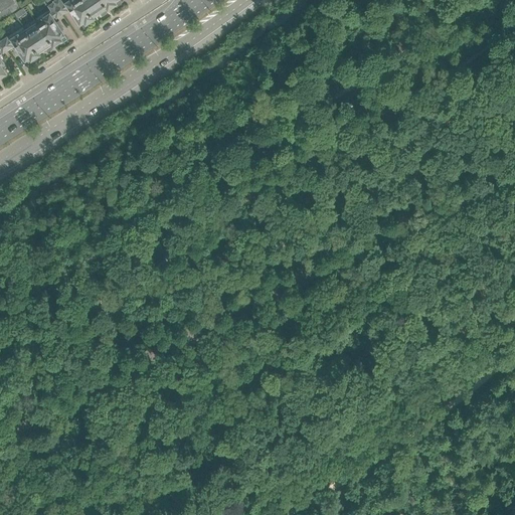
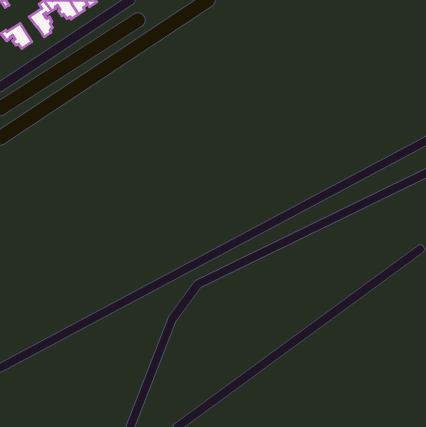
building: [25,20,52,50] -> none

